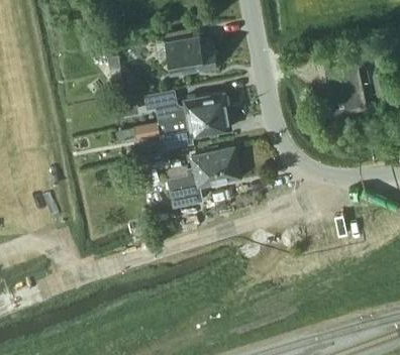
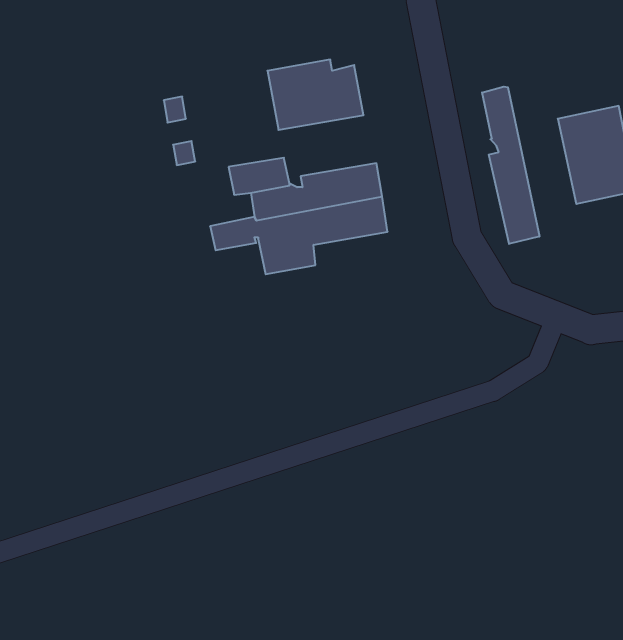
building: none -> [482,87,539,244]
building: [166,147,239,207] -> none

